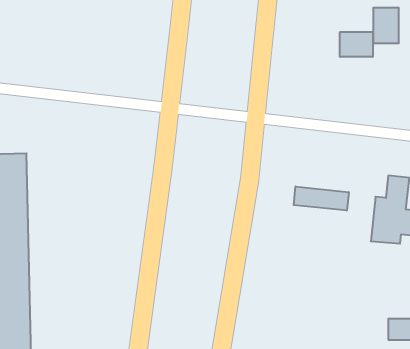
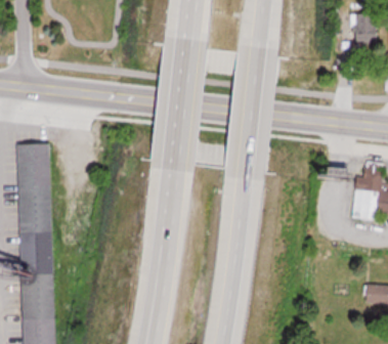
building: [340,32,373,57] -> none
building: [294,186,349,211] -> none

